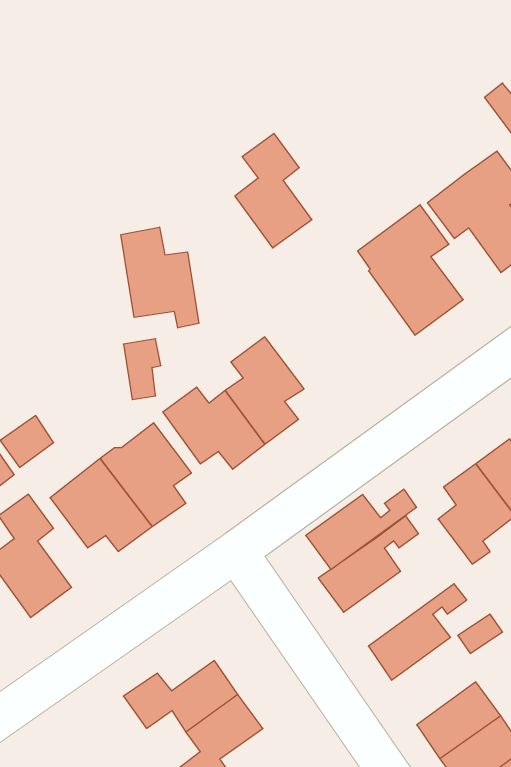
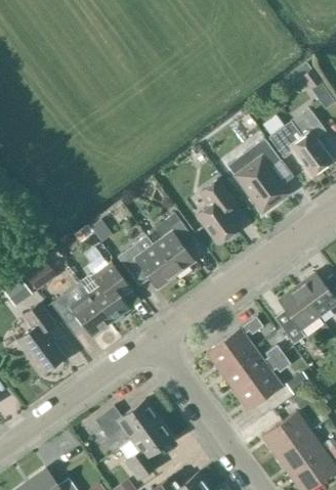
building: [235,134,312,248] -> [196,179,240,244]
building: [121,227,199,328] -> none
building: [306,489,417,570] -> [220,345,284,391]

